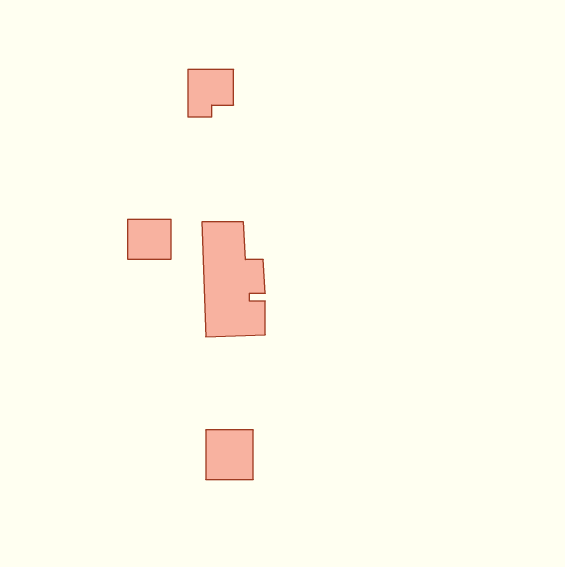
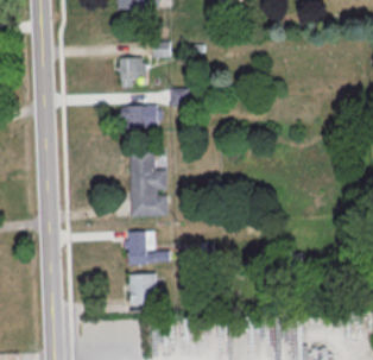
building: [128,219,171,259] -> [124,103,150,127]
building: none -> [127,229,170,263]

